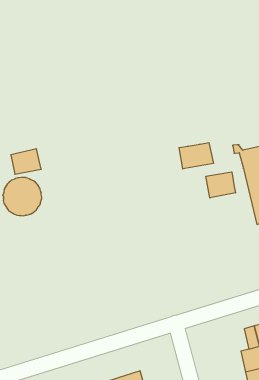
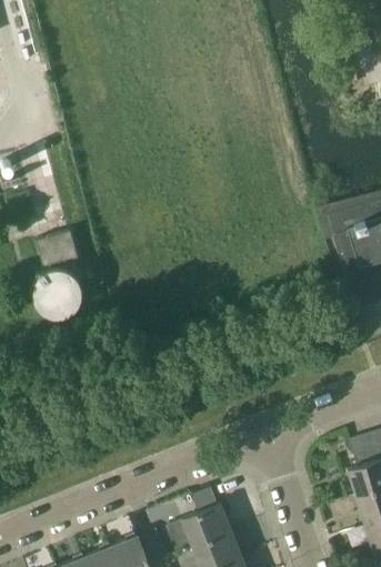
building: [179,143,213,169] -> none
building: [206,172,235,198] -> none

